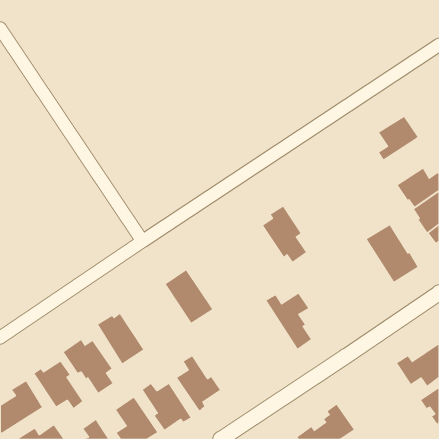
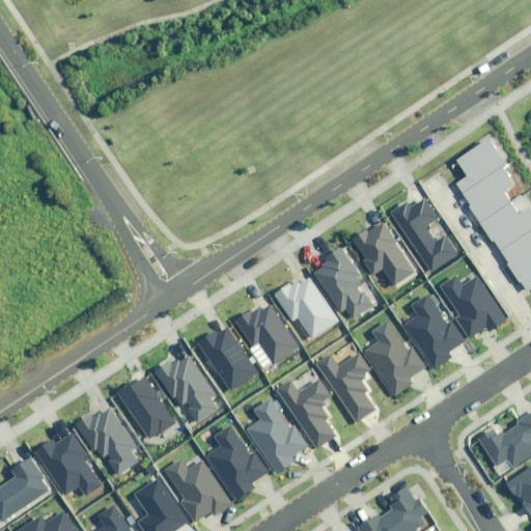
building: none -> [463,167,514,222]
building: none -> [391,200,457,272]
building: none -> [352,223,414,285]
building: none -> [275,277,339,338]
building: none -> [410,297,464,365]
building: none -> [234,305,298,363]
building: none -> [369,323,424,391]
building: none -> [155,358,221,420]
building: none -> [281,380,338,448]
building: none -> [251,399,308,470]

